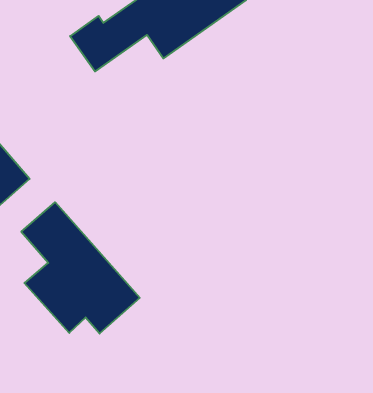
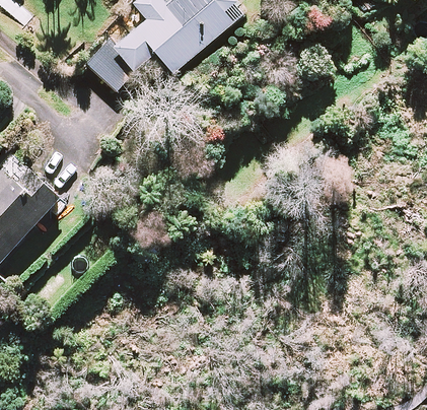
building: [21,202,140,334] -> none

